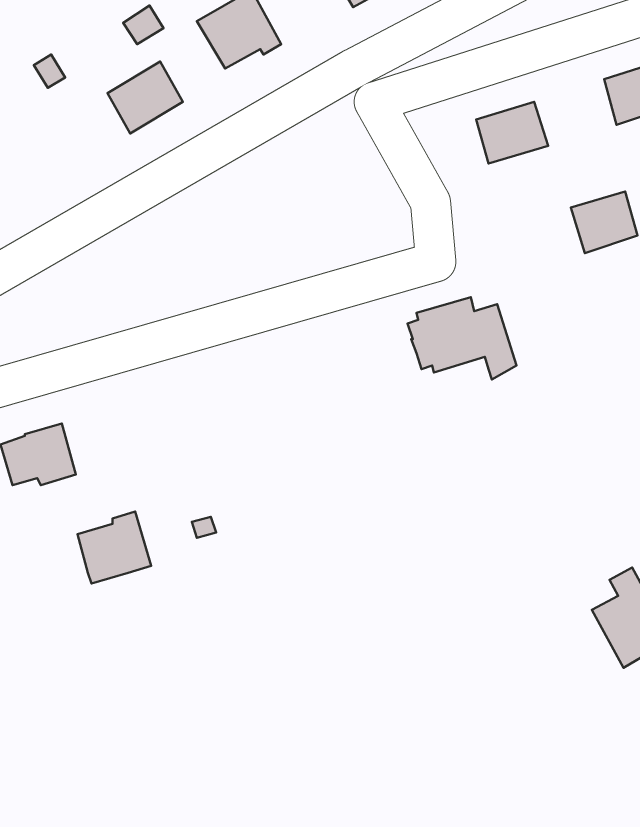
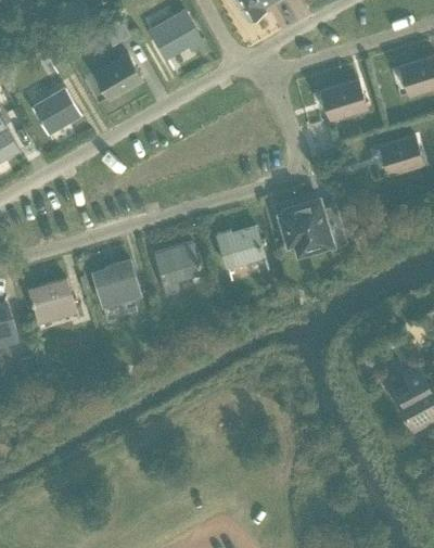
building: none -> [33,90,80,135]
building: none -> [216,229,263,270]
building: none -> [153,243,200,296]
building: [77,511,151,583] -> [93,262,139,306]

